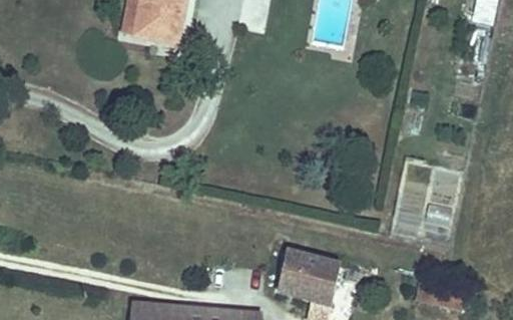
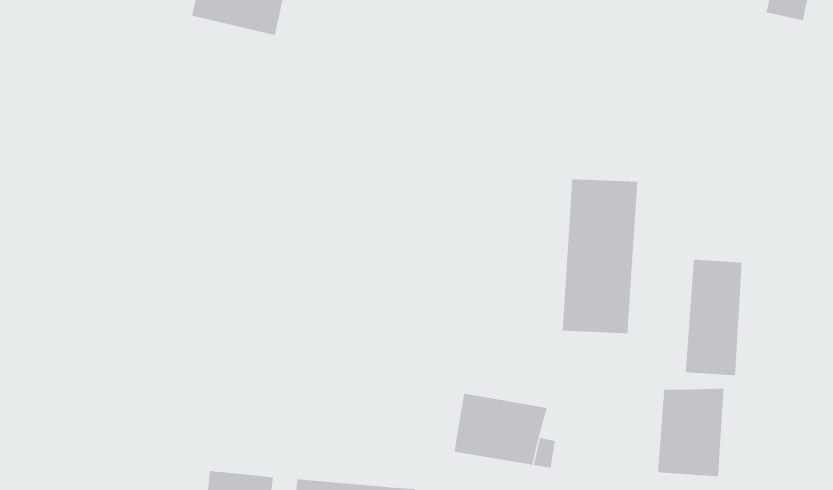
building: none -> [562,178,638,334]
building: none -> [657,388,725,477]

